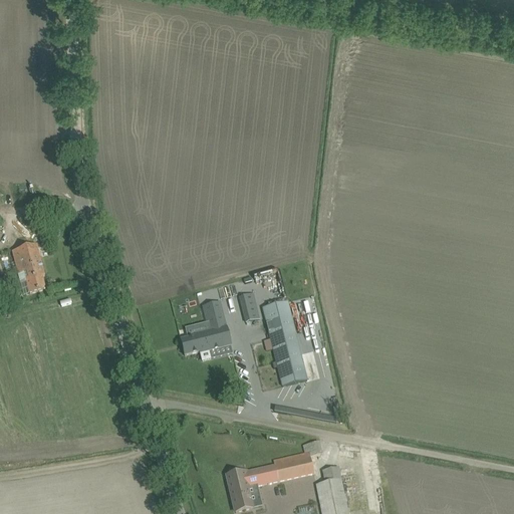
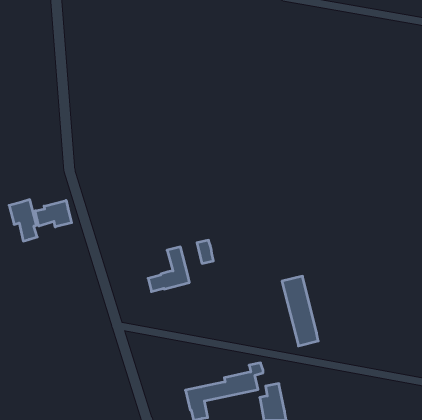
building: none -> [35,200,72,227]
building: [262,299,306,383] -> [282,276,318,346]

